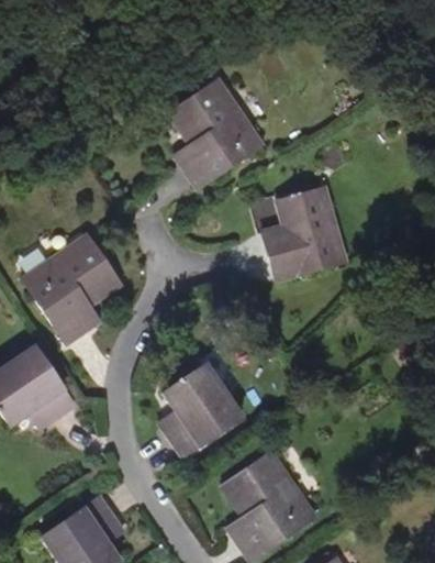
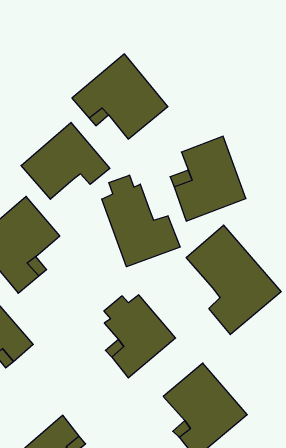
building: none -> [21,122,110,199]
building: none -> [102,175,180,267]
building: none -> [186,225,281,335]

